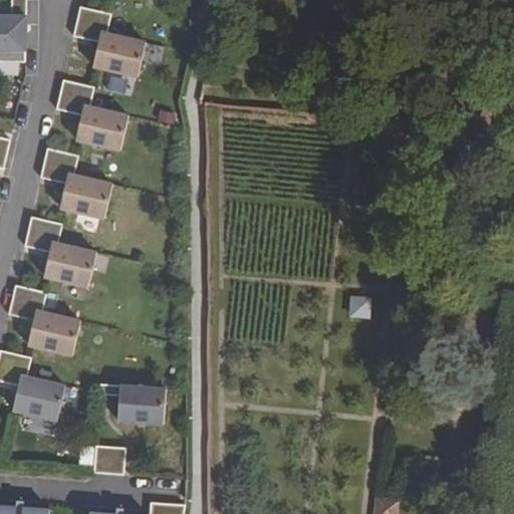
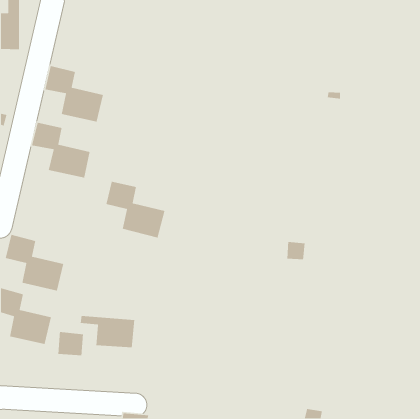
building: [72,6,146,76] -> none
building: [23,217,96,287] -> [105,181,166,238]
building: [92,446,124,476] -> [58,331,84,356]

